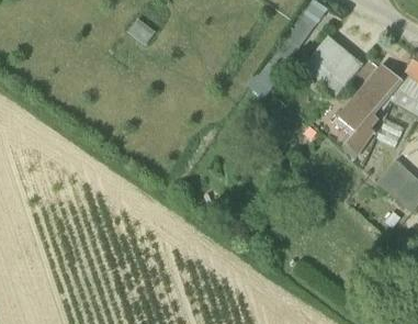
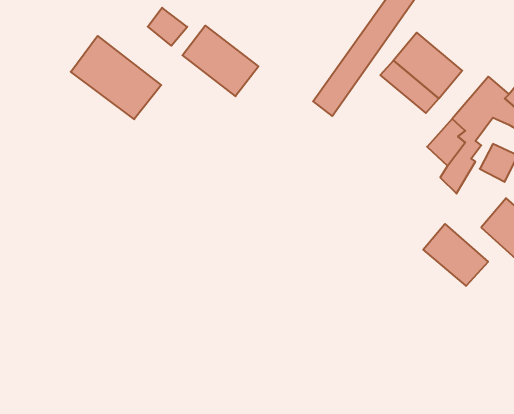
building: none -> [182,26,258,96]
building: none -> [71,36,161,119]
building: none -> [423,224,488,286]

